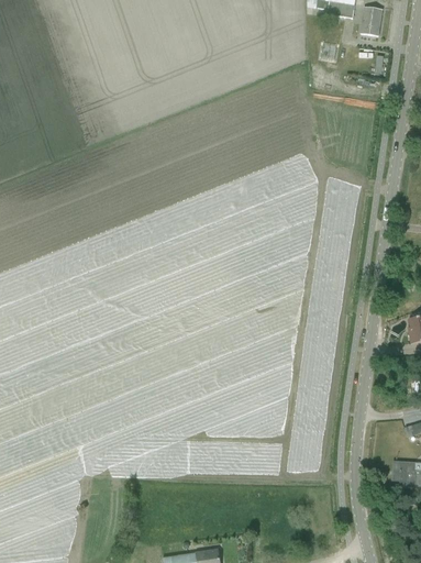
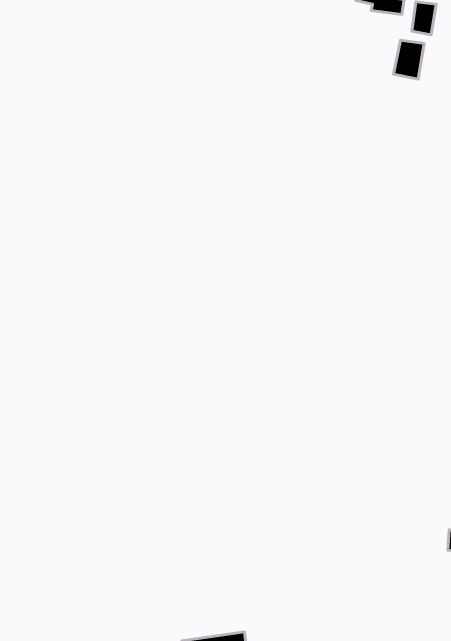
building: none -> [393,40,424,79]

